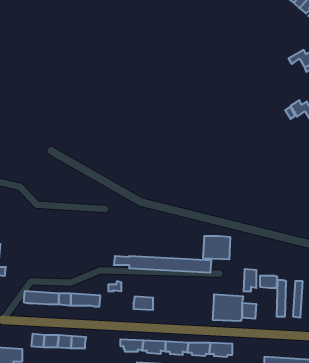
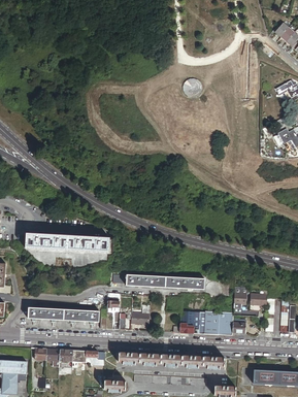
building: none -> [26,232,110,252]
building: [203,236,230,259] -> [179,311,205,333]

